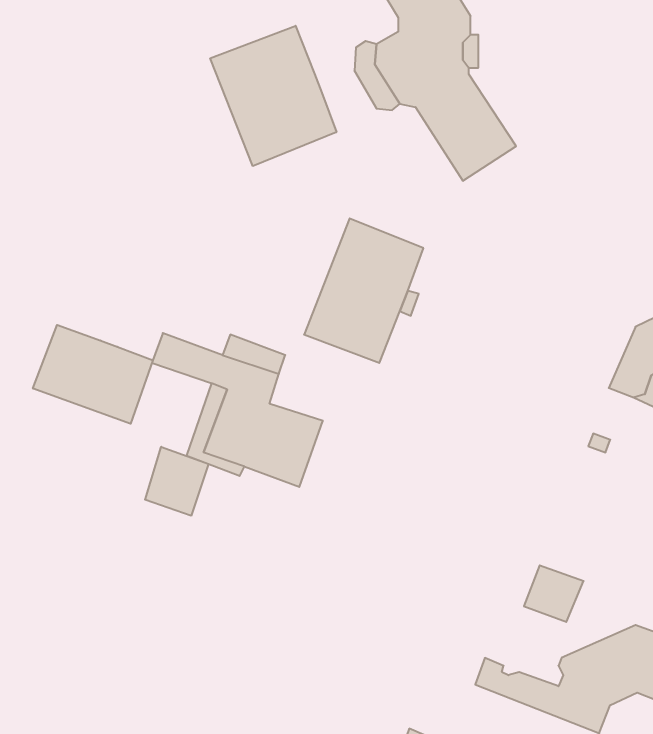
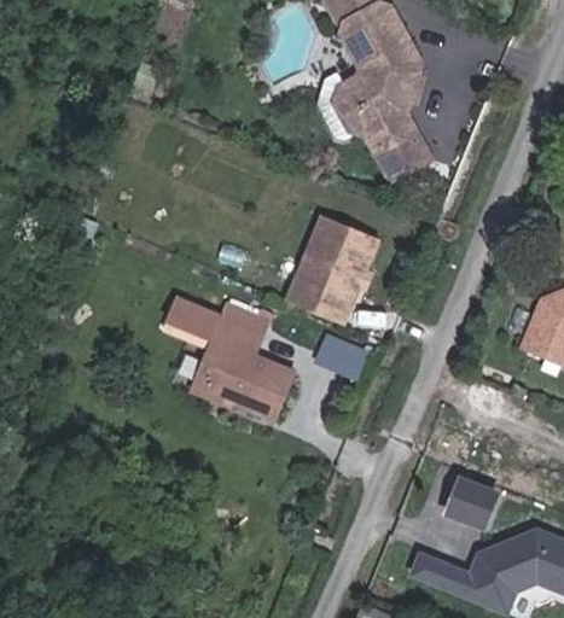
building: [210,26,336,166] -> none
building: [33,325,153,424] -> none
building: none -> [315,337,367,384]
building: [145,447,209,516] -> none

